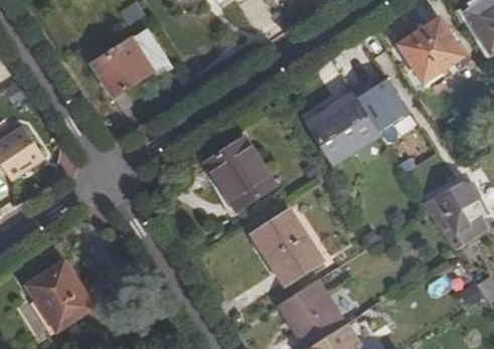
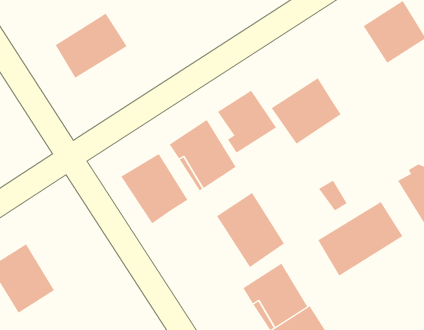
building: [353,79,392,118] -> none
building: none -> [217,90,277,153]
building: none -> [121,153,188,224]
building: none -> [317,201,403,277]

